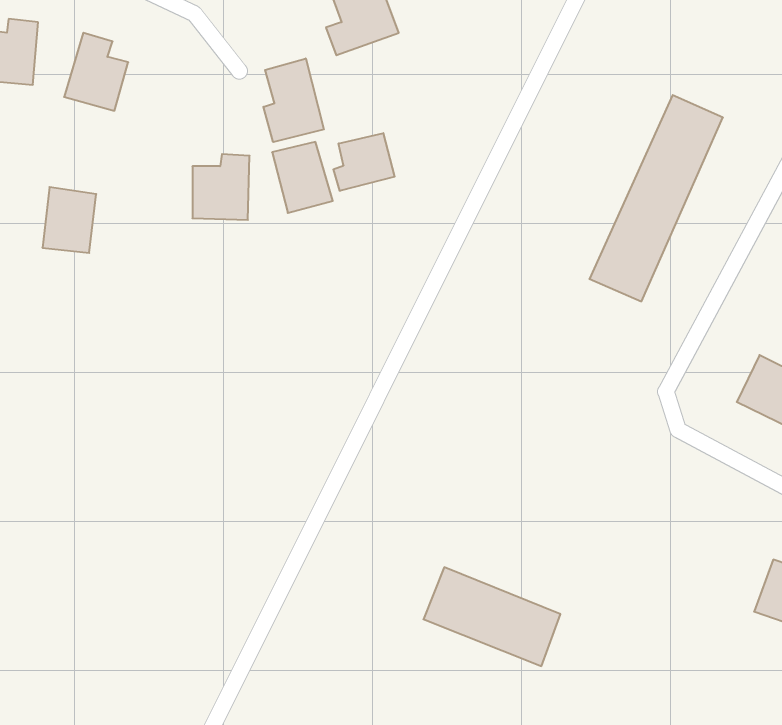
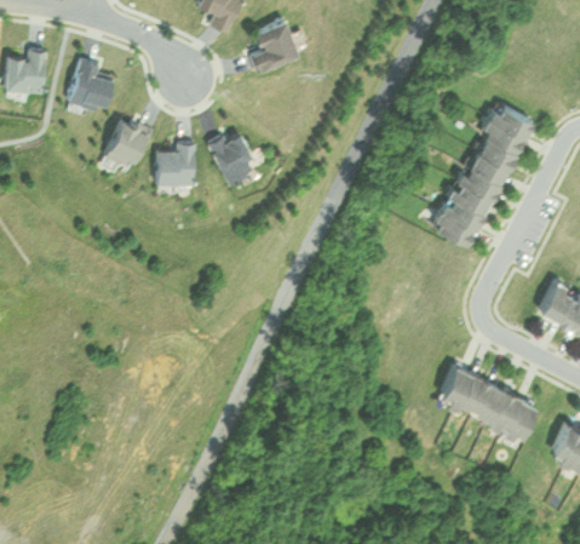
building: [263,58,324,142] -> none
building: [333,133,395,191] -> none
building: [42,187,96,253] -> [109,121,147,167]
building: [423,567,560,666] -> [437,367,533,436]

